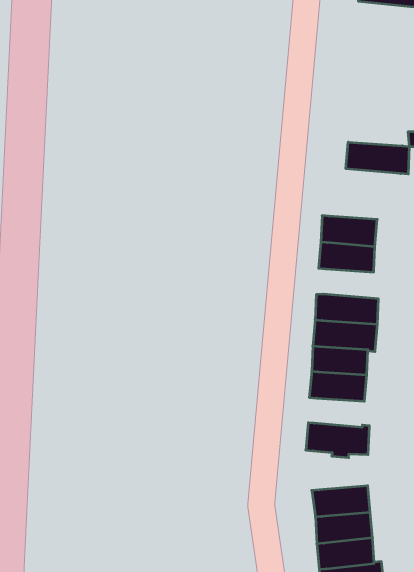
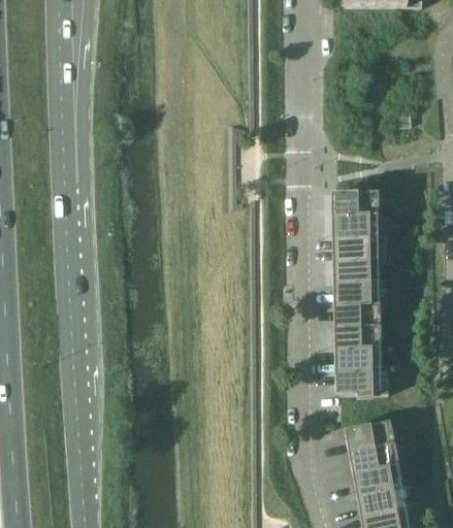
building: [346,142,409,174] -> none
building: none -> [333,235,387,260]
building: none -> [335,348,383,370]

